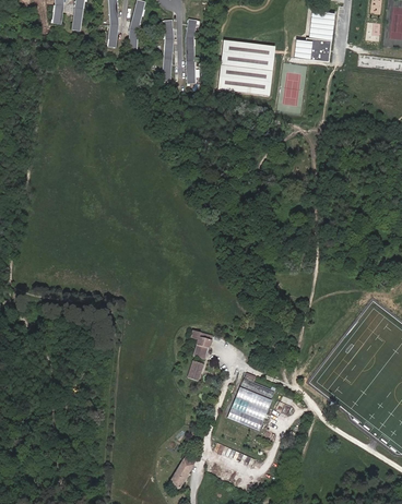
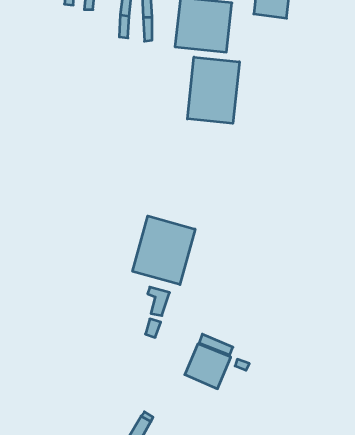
building: none -> [187,57,239,123]
building: none -> [133,216,195,285]

